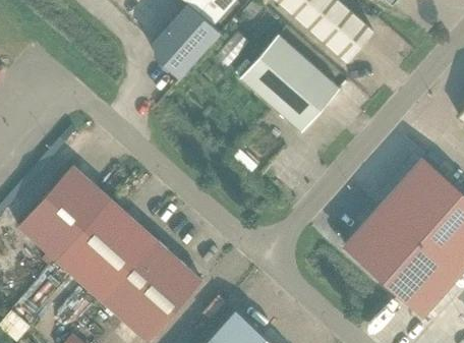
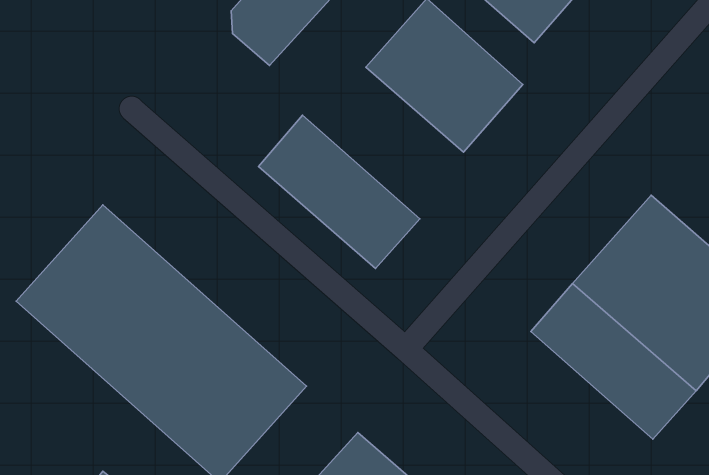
building: none -> [258,115,420,269]

